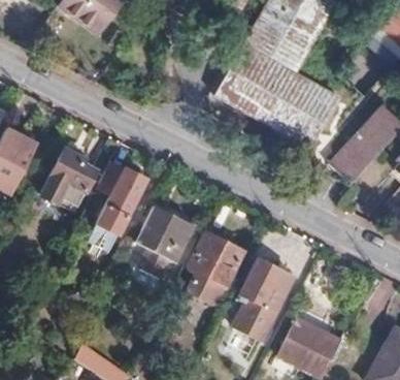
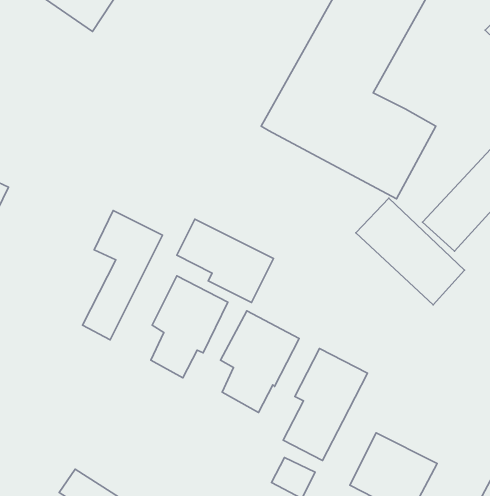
building: [40,148,96,212] -> none
building: none -> [356,198,465,305]
building: none -> [177,219,274,303]

